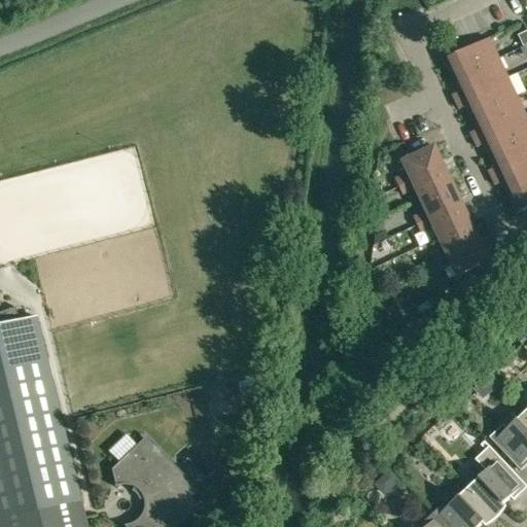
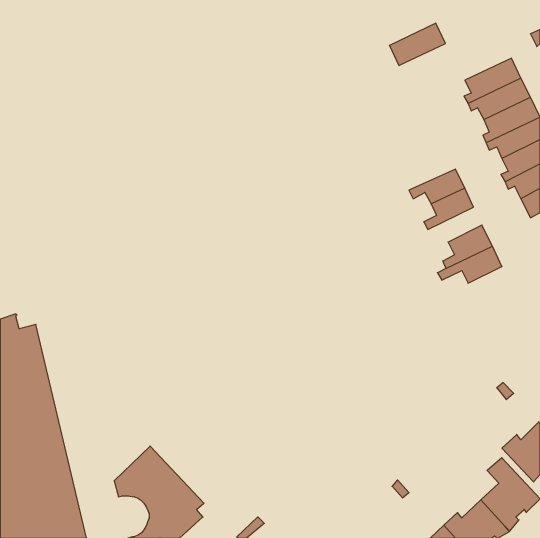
building: [444,37,498,78] -> [389,23,445,66]
building: [395,144,444,185] -> none
building: [417,202,469,236] -> none

